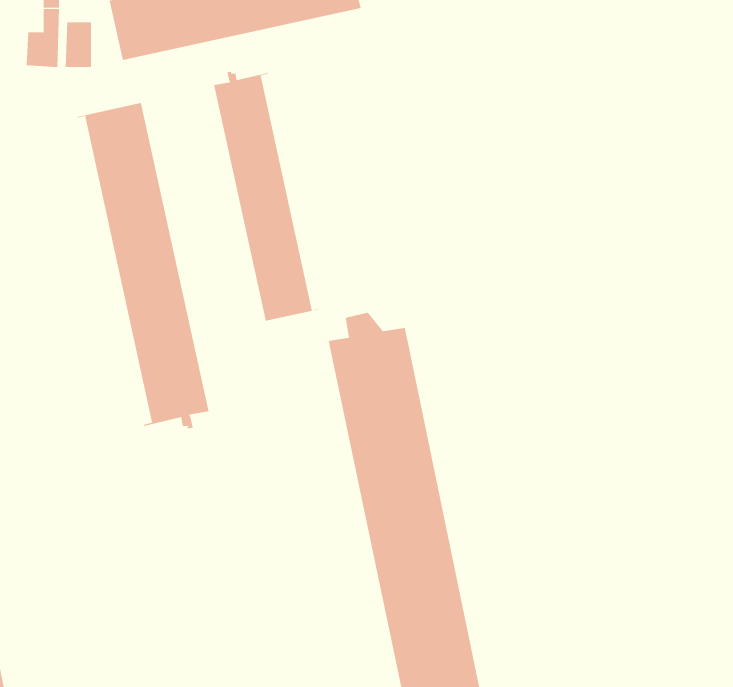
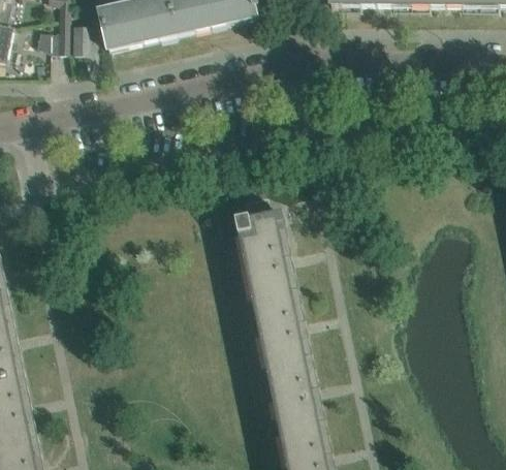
building: [213,71,319,322] -> none
building: [76,102,209,429] -> none

